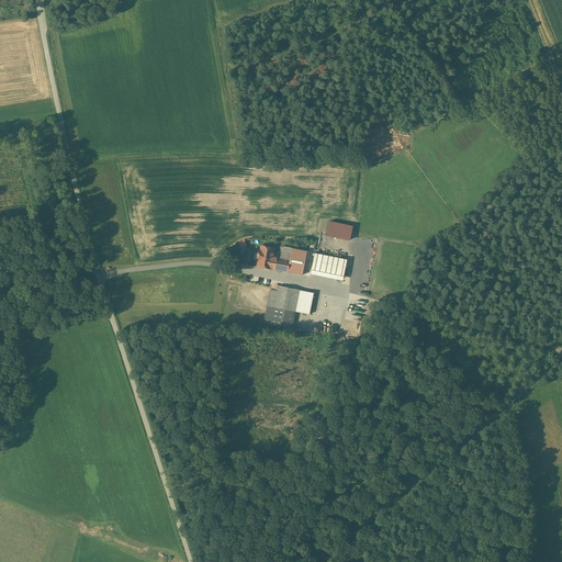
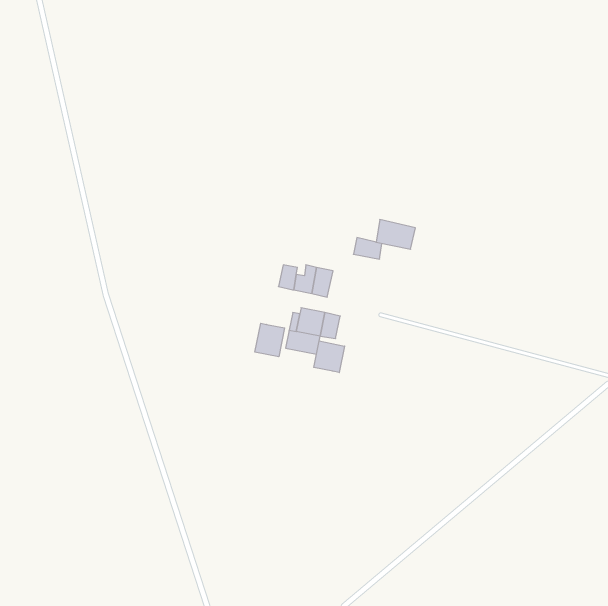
building: [311,251,347,279] -> [376,220,415,249]
building: none -> [255,323,285,357]
building: none -> [314,341,345,373]

